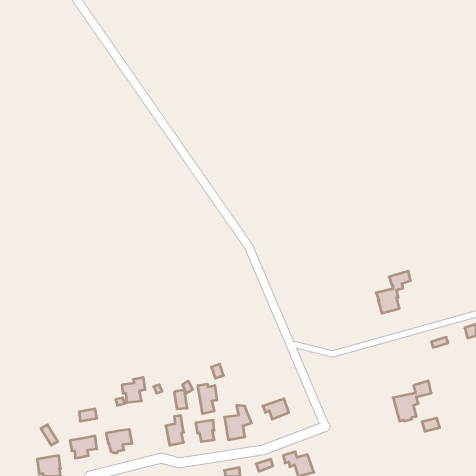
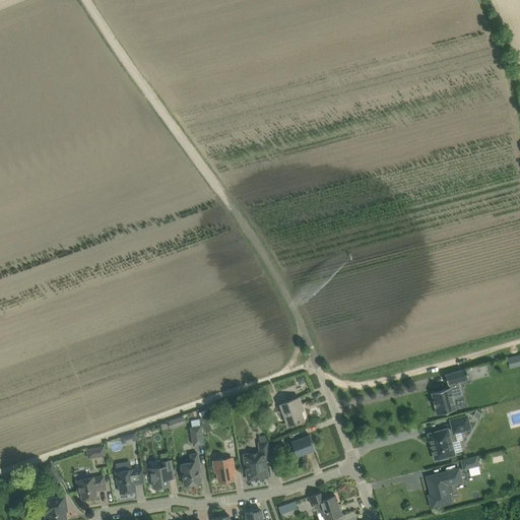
building: [376,271,411,313] -> [431,369,468,414]
building: none -> [280,397,305,427]
building: [122,377,145,403] -> [148,460,174,488]
building: [198,384,217,414] -> none
building: none -> [427,469,461,508]

